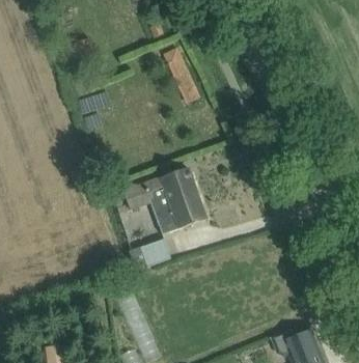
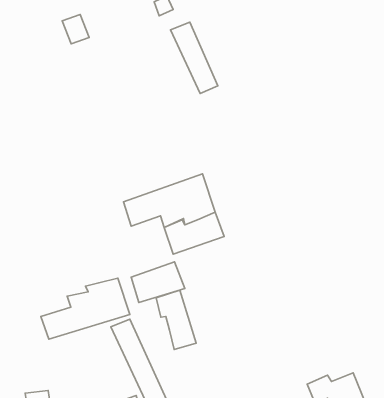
building: none -> [41,278,130,339]
building: none -> [156,290,196,349]

